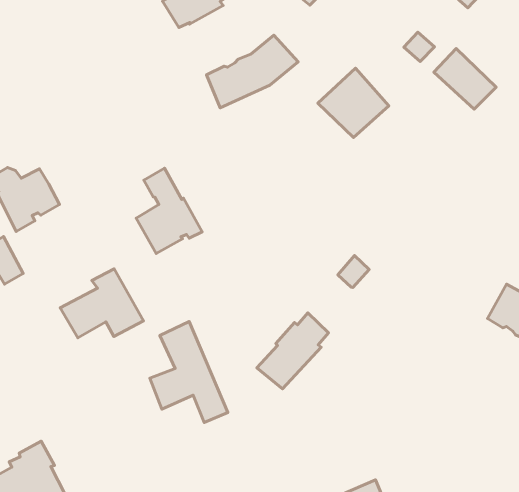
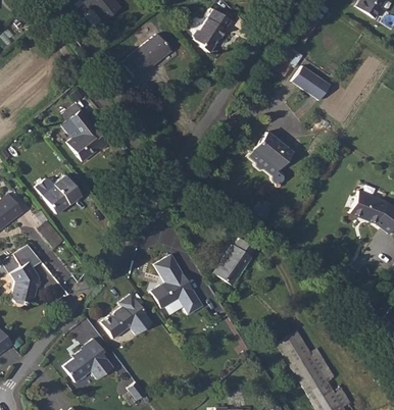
building: [206,35,298,108] -> none
building: [318,68,389,138] -> [249,131,292,172]
building: [136,168,202,253] -> [68,109,109,161]
building: [60,269,143,338] -> [102,295,153,340]

